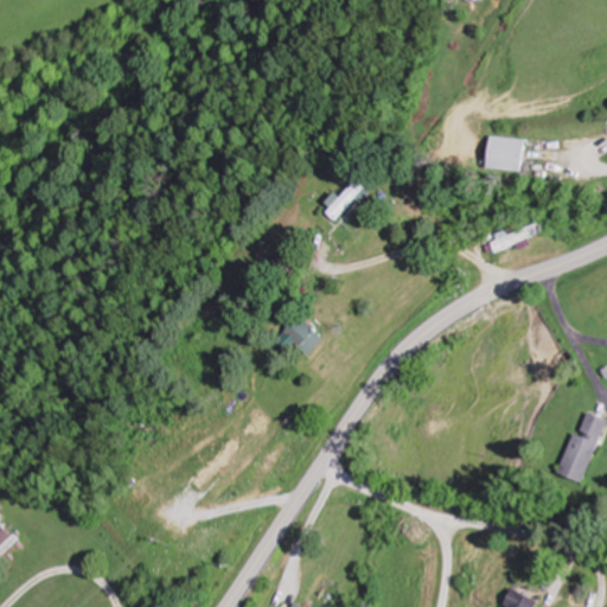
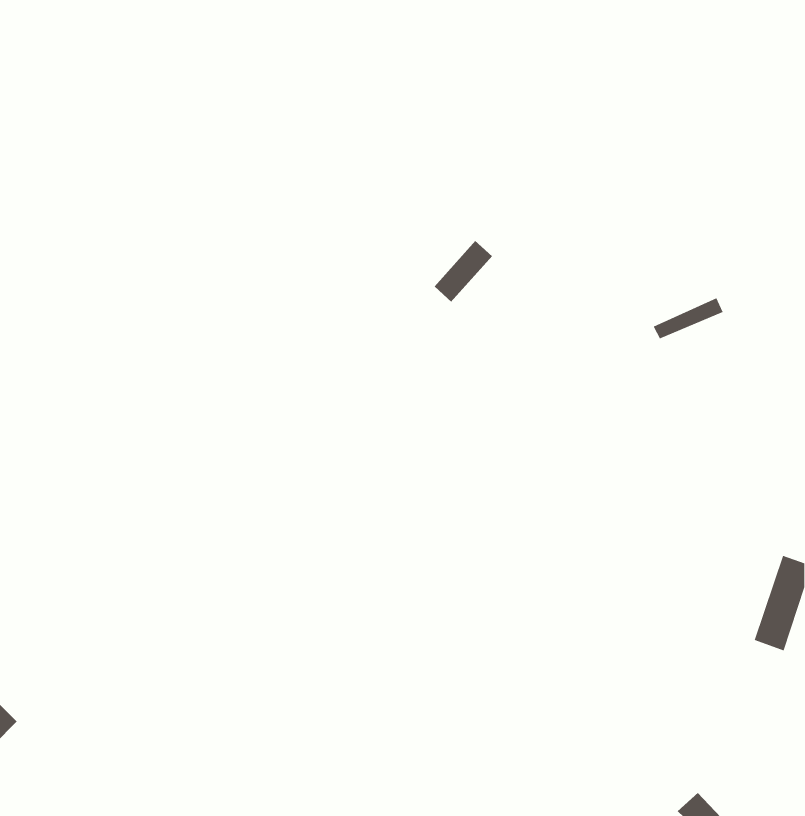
building: [486,138,522,170] -> none
building: [281,317,321,357] -> none

